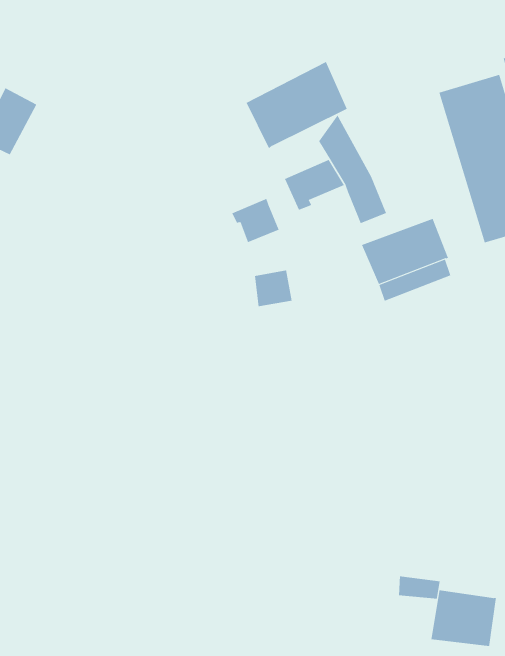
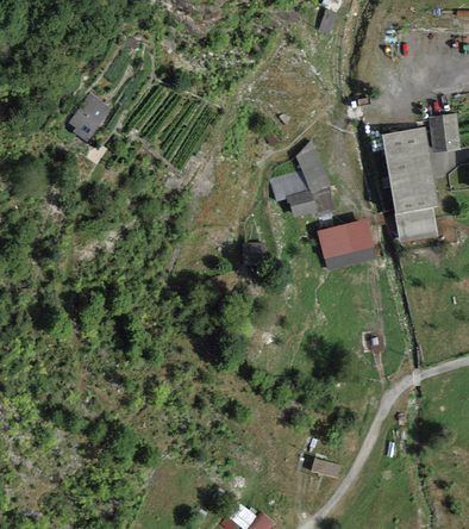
building: [246,61,348,149] -> none
building: [232,198,279,243] -> [284,188,315,217]
building: [431,590,496,647] -> none

